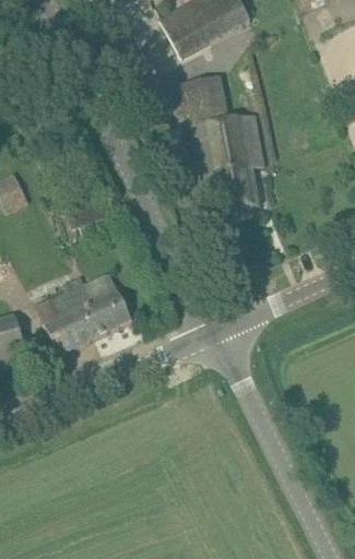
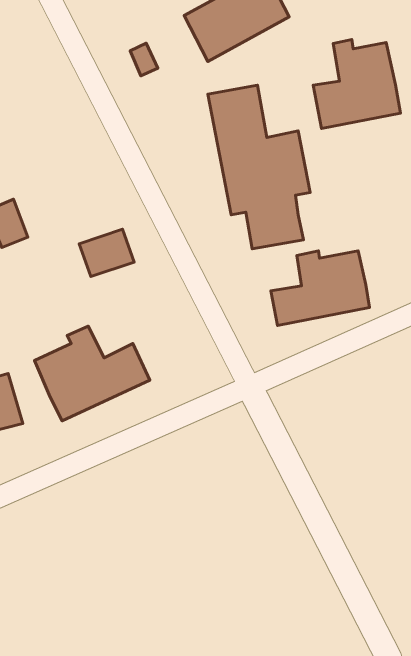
building: none -> [313,39,400,128]
building: none -> [271,251,370,325]

